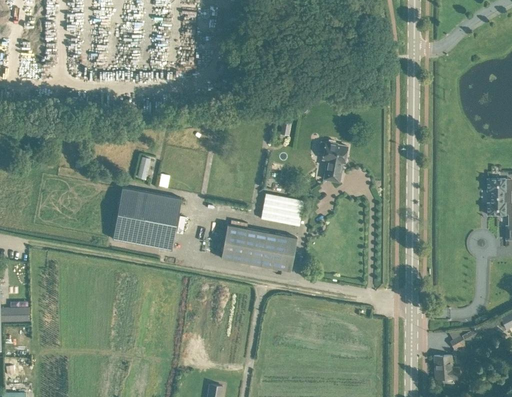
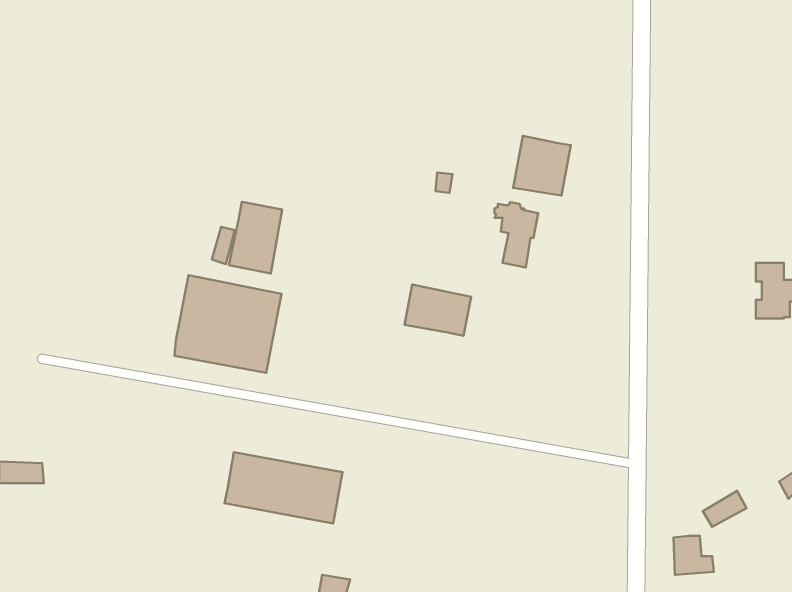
building: none -> [513,136,571,195]
building: none -> [229,202,282,273]
building: [221,225,297,271] -> [224,452,343,523]

